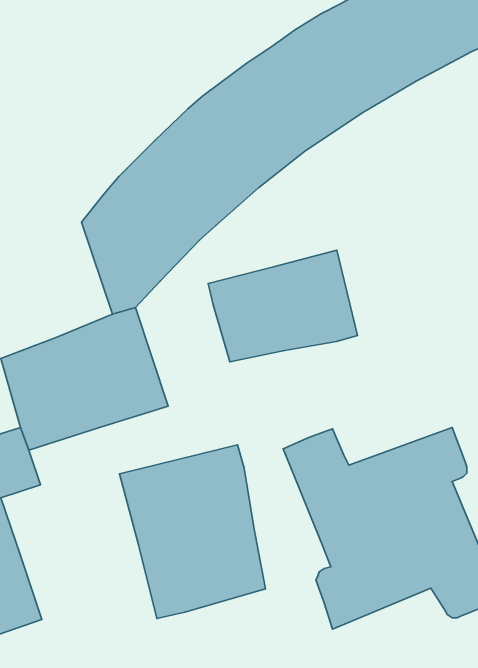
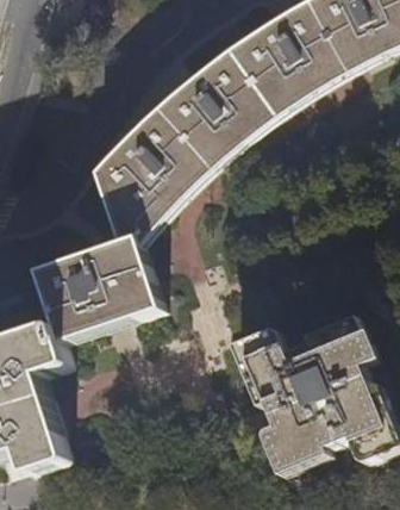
building: [208,250,357,362] -> none
building: [120,445,265,618] -> none

